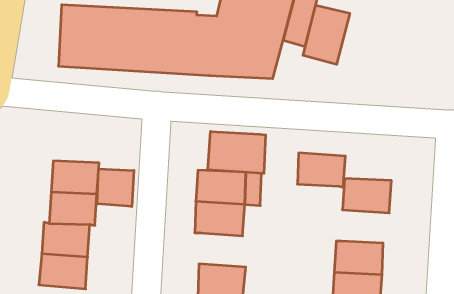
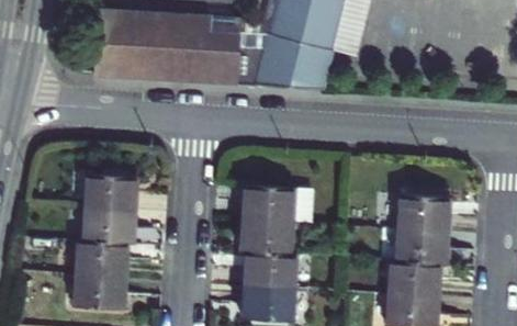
building: [303,5,350,64] -> none
building: [208,131,266,173] -> none
building: [297,153,345,187] -> [394,226,445,262]
building: [97,169,134,207] -> none
building: none -> [244,250,294,286]

